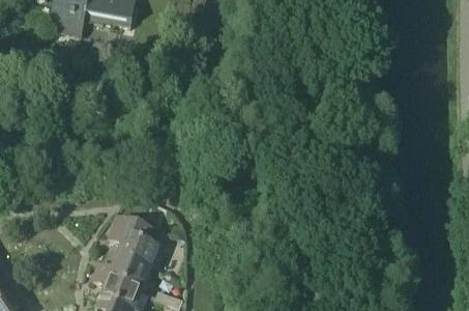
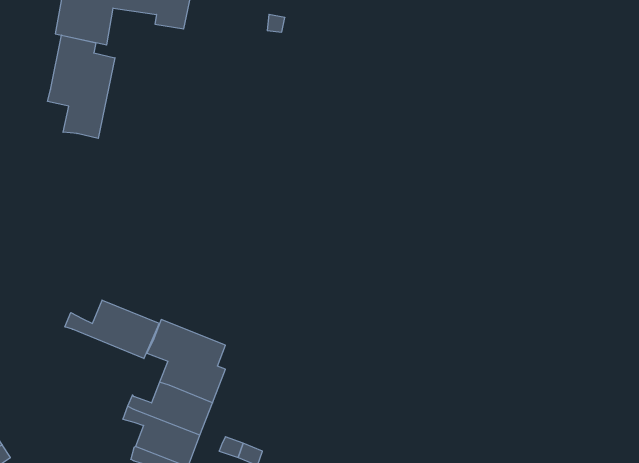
building: none -> [48,35,115,138]
building: none -> [65,300,160,359]

